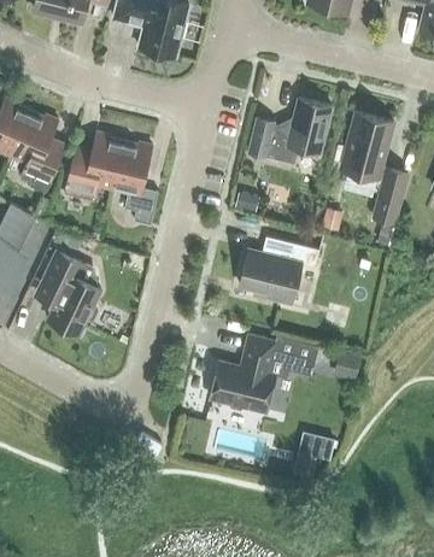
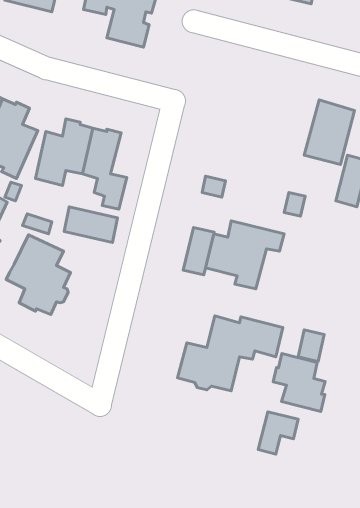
building: [250,99,332,164] -> none
building: none -> [64,207,118,243]
building: none -> [183,228,214,275]
building: none -> [273,353,325,411]

